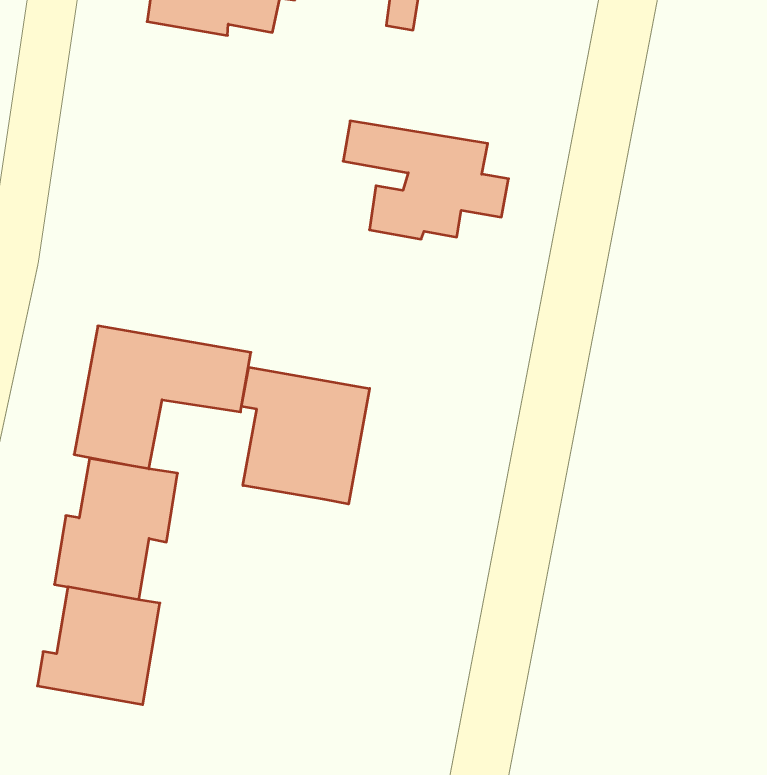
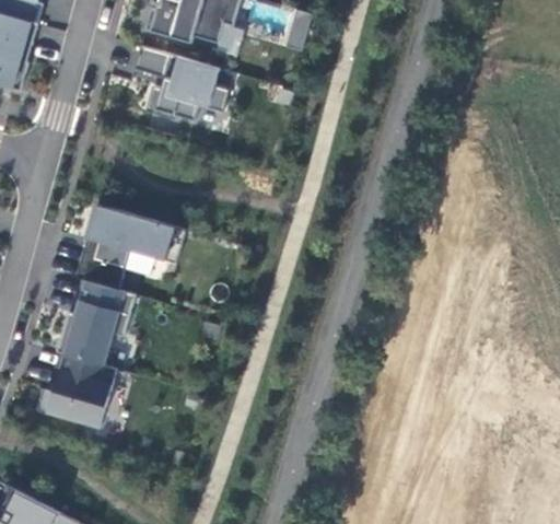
building: [343,121,509,239] -> [133,46,229,120]
building: [241,367,370,504] -> none

